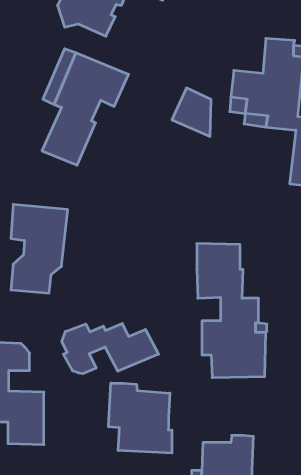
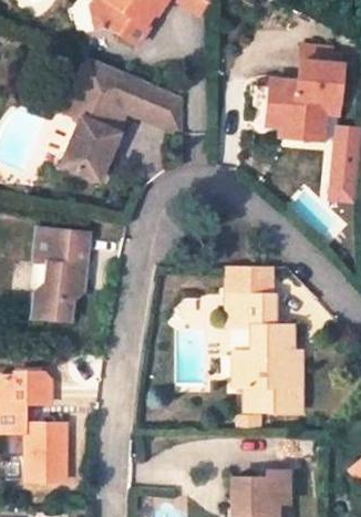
building: [172,88,211,136] -> [141,85,183,137]
building: [62,323,159,374] -> none
building: [109,383,172,453] -> none

